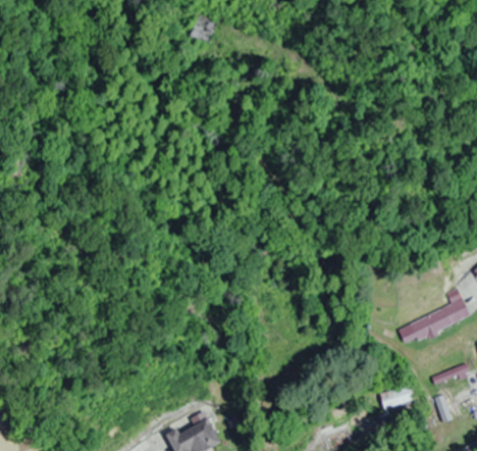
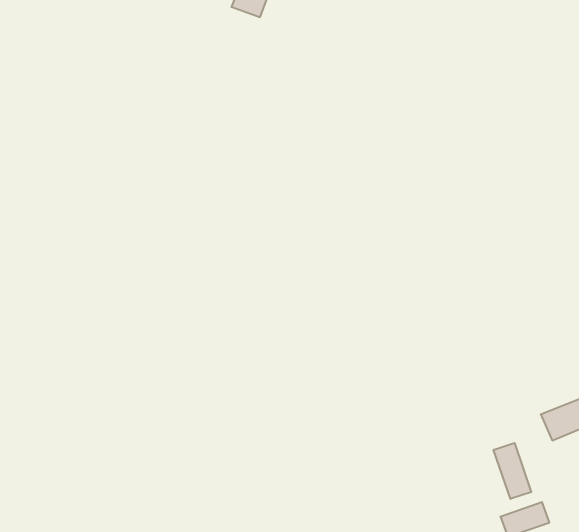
building: none -> [494,443,531,499]

